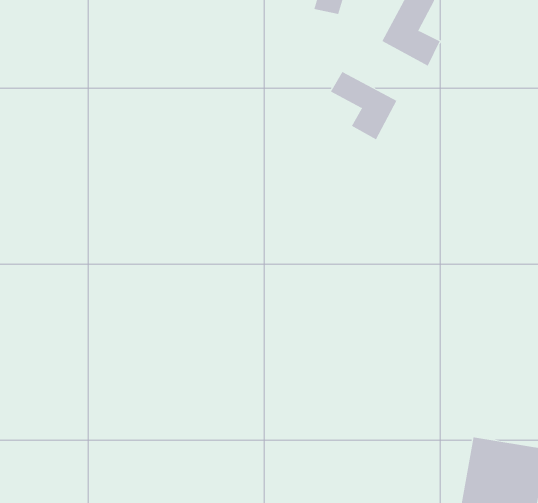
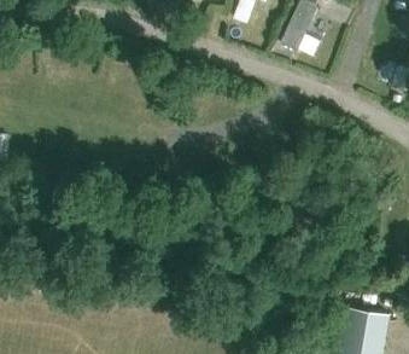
building: [330,71,397,140] -> none

